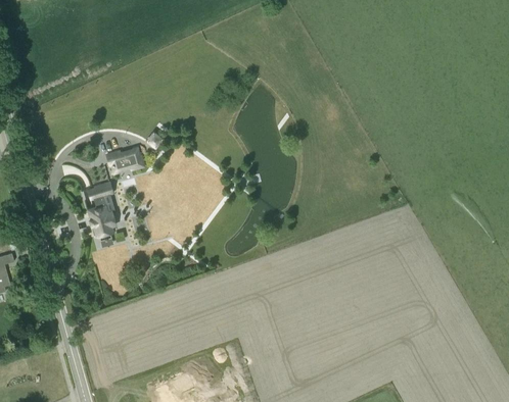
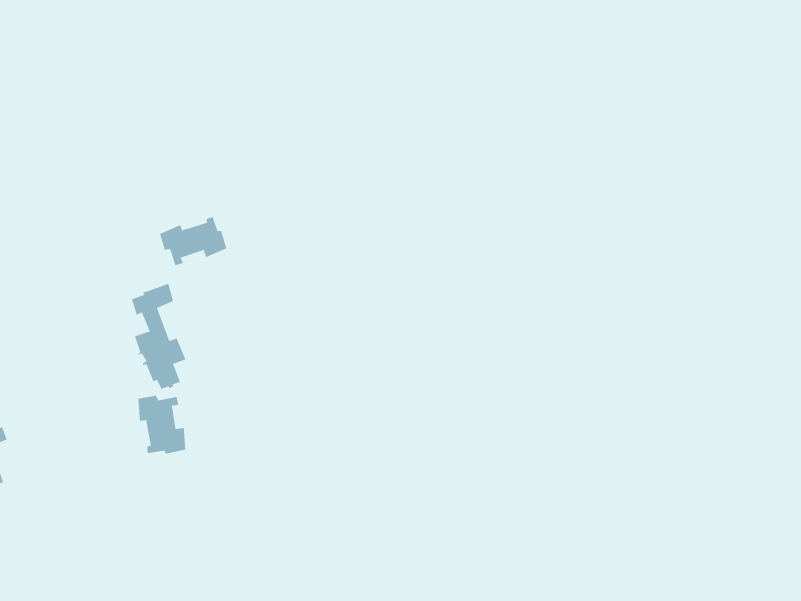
building: none -> [138,395,186,454]

